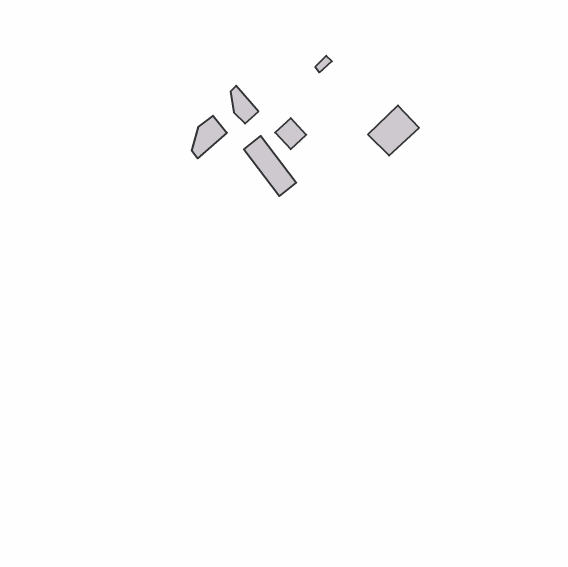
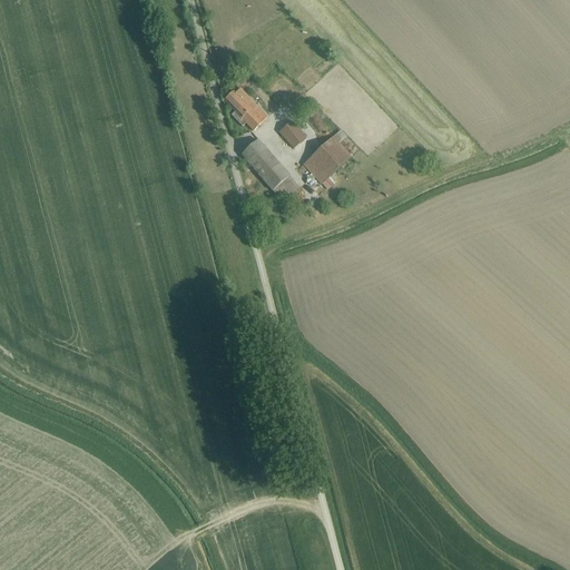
building: [368,105,419,156] -> [299,136,351,186]
building: [192,116,227,158] -> none

